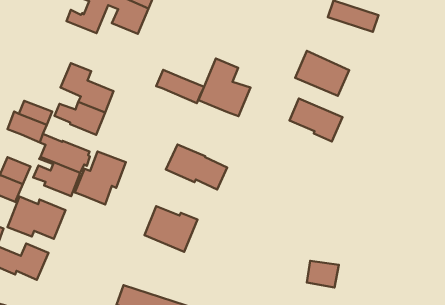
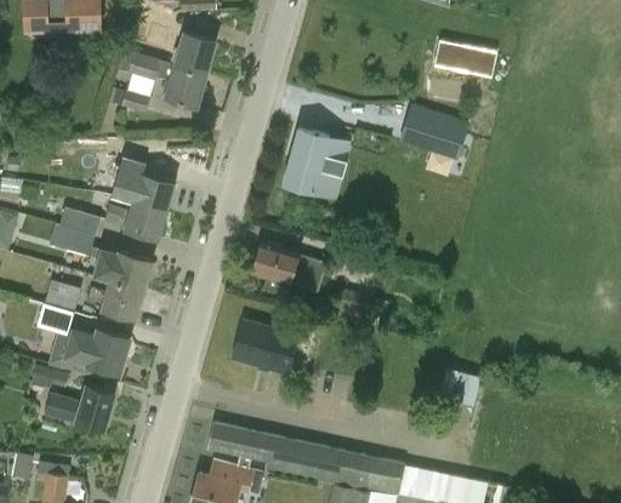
building: [156,70,204,103] -> none
building: [290,99,342,141] -> none
building: [75,151,126,204] -> none

